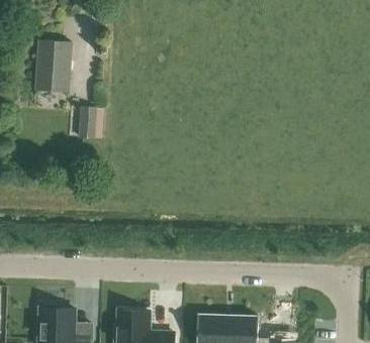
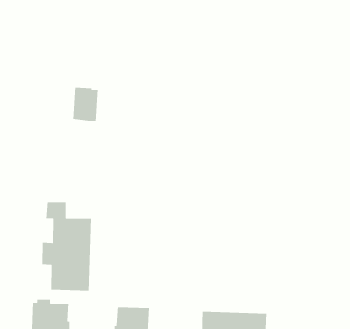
building: [35,41,72,93] -> none
building: none -> [42,202,92,291]

